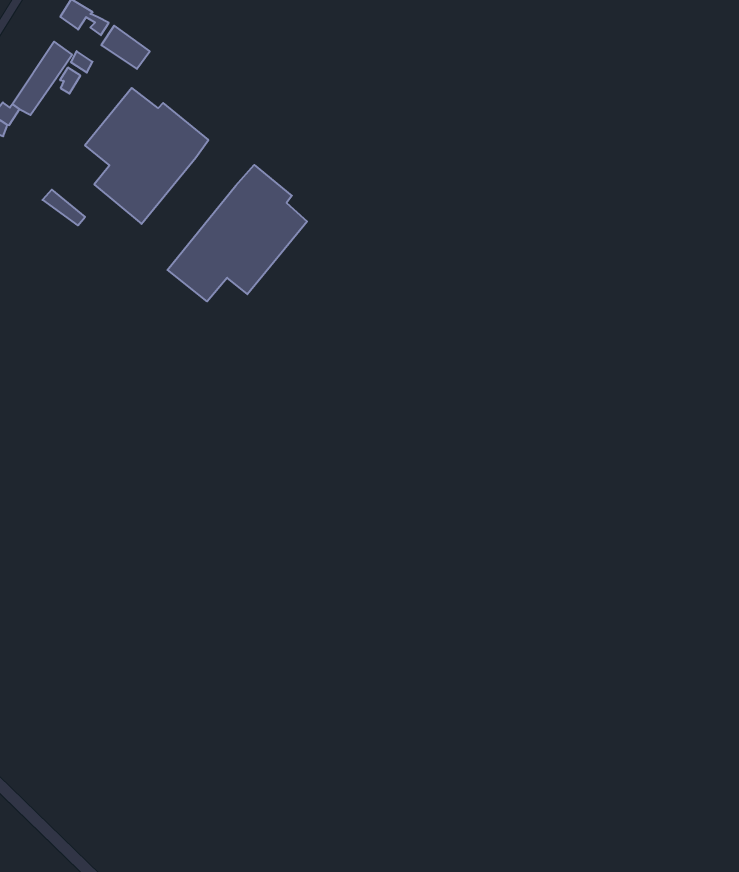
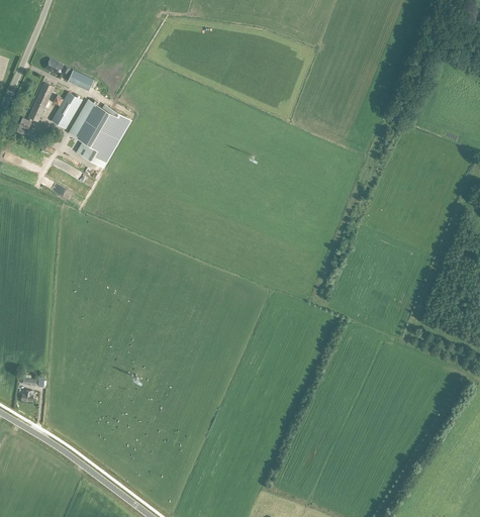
building: none -> [52,92,82,128]
building: [167,165,307,301] -> none

